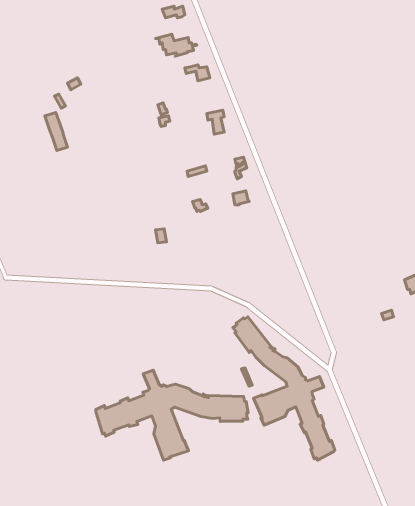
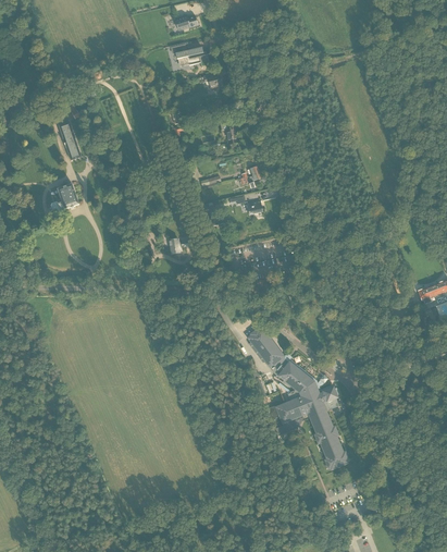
building: none -> [50,183,78,211]
building: [96,370,248,460] -> none

